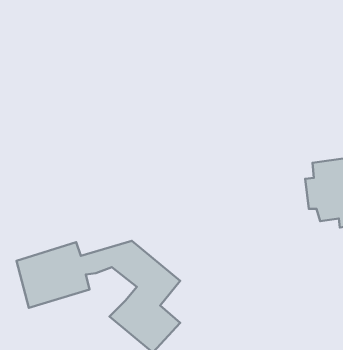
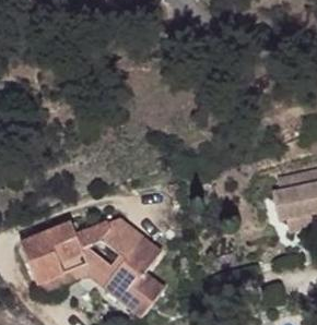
building: none -> [30,250,125,294]

